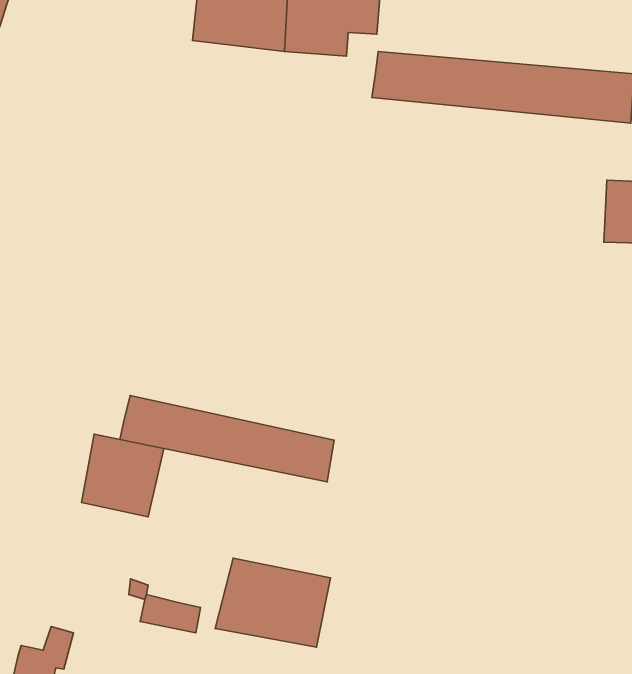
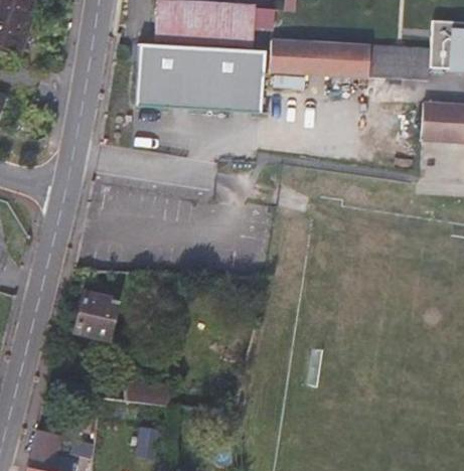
building: none -> [133,41,268,112]
building: [120,396,334,482] -> none
building: [215,558,331,647] -> none

